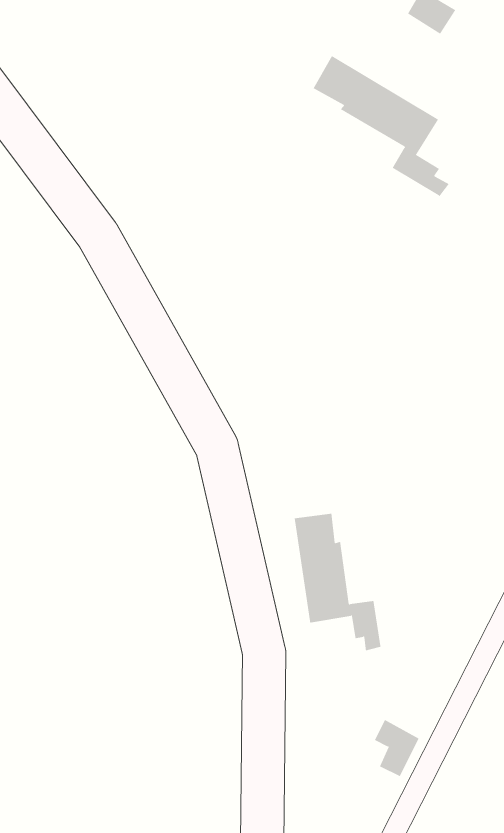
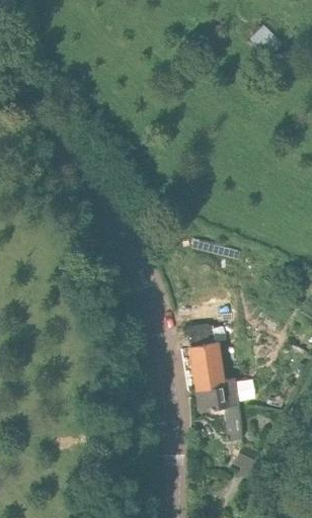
building: [313,55,449,197] -> none
building: none -> [197,386,241,440]

